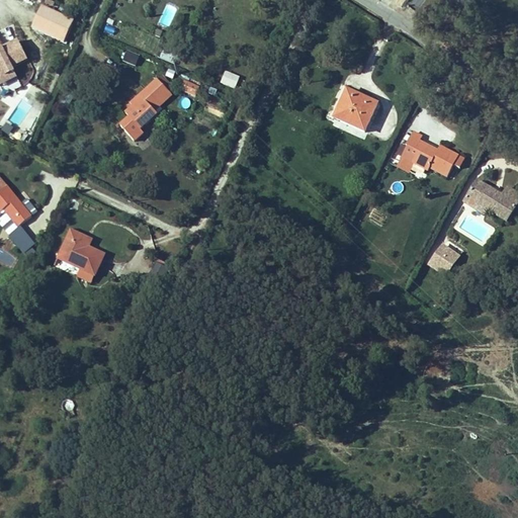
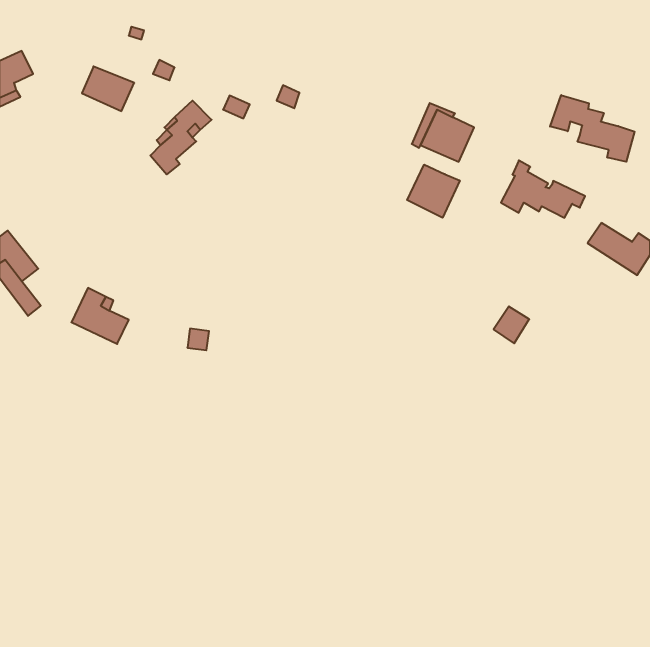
building: [31,6,73,41] -> [82,66,134,111]
building: none -> [550,95,635,162]
building: none -> [407,165,460,218]
building: [430,243,458,272] -> [494,306,529,343]

